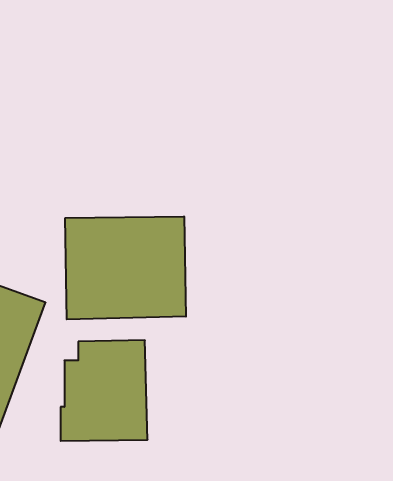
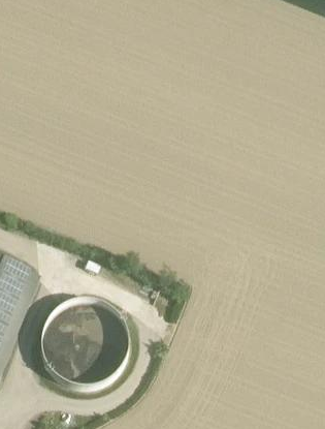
building: [65,216,186,319] -> none

